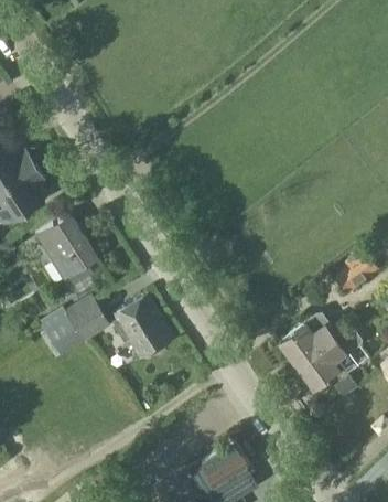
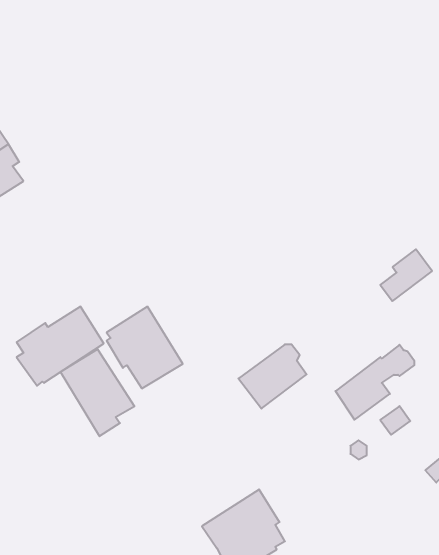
building: [34,214,97,280] -> none
building: [279,311,334,363] -> [238,344,307,409]
building: none -> [61,349,134,436]

